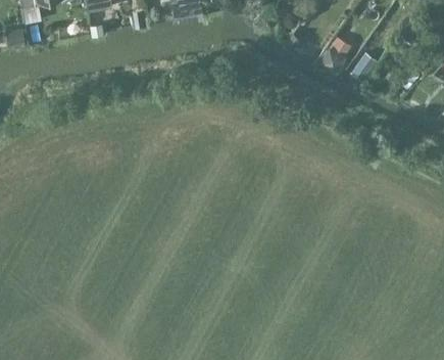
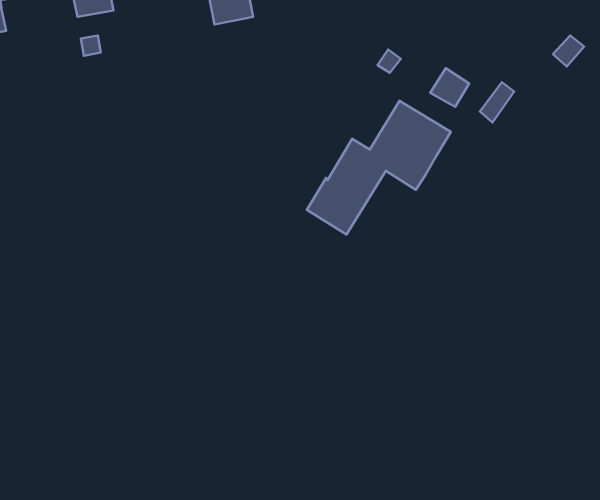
building: none -> [307,101,451,235]

